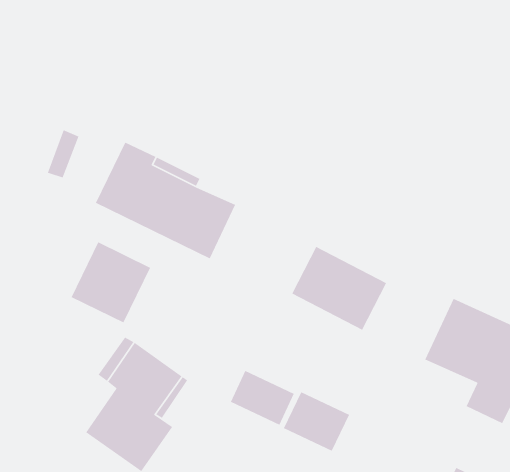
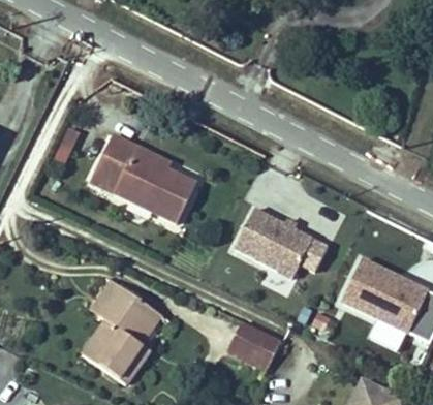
building: [71,241,151,324] -> none
building: [230,370,295,426] -> none

